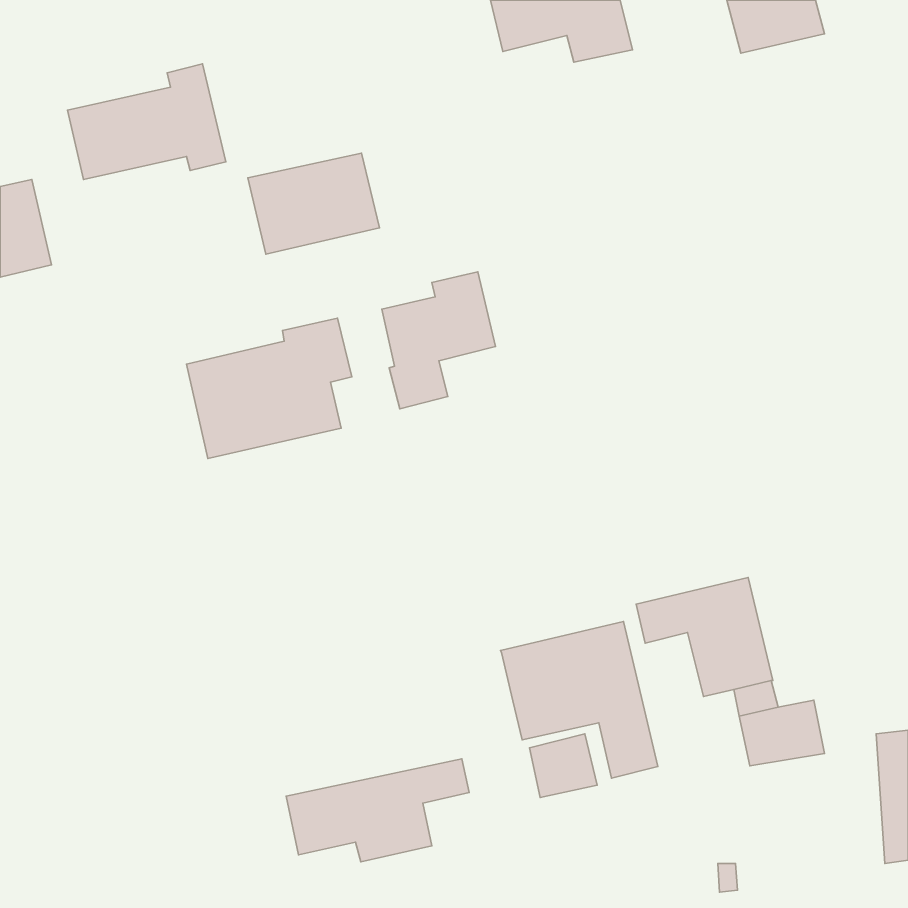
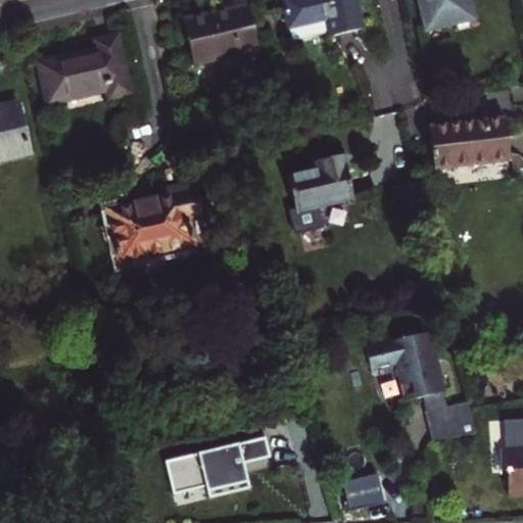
building: [248,153,379,254] -> [183,6,258,64]
building: none -> [429,117,510,170]
building: [382,272,496,409] -> [288,155,353,234]
building: [500,622,658,778] -> none
building: [530,734,597,798] -> [344,474,383,511]

